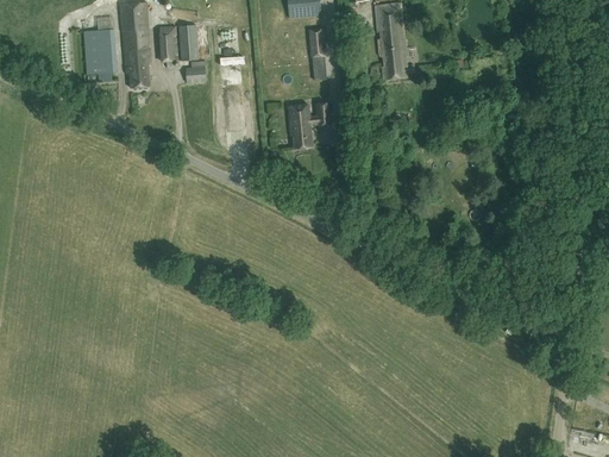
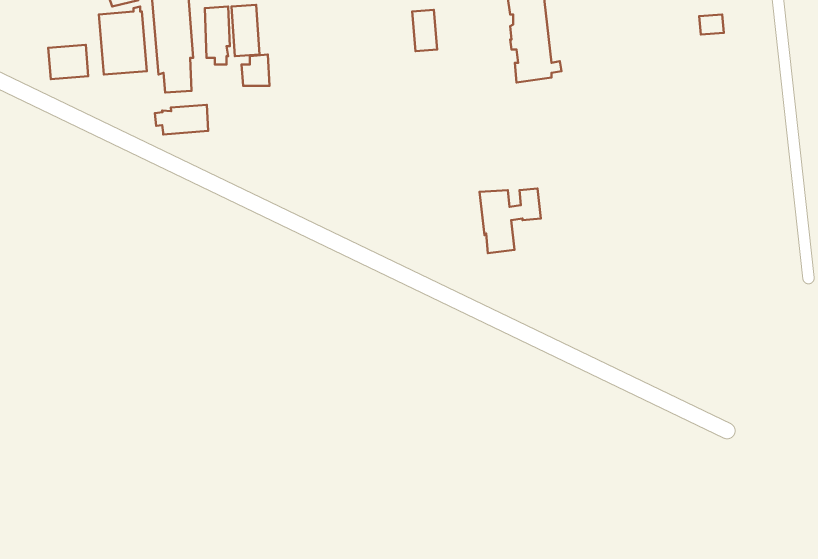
building: none -> [48,45,88,79]
building: none -> [155,105,208,134]
building: [288,102,332,149] -> [480,189,541,253]

